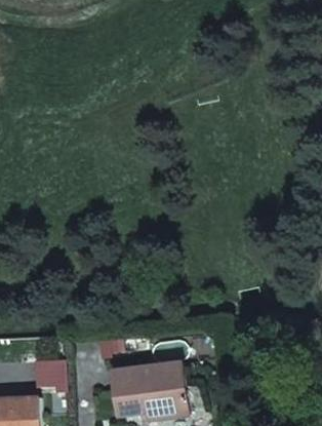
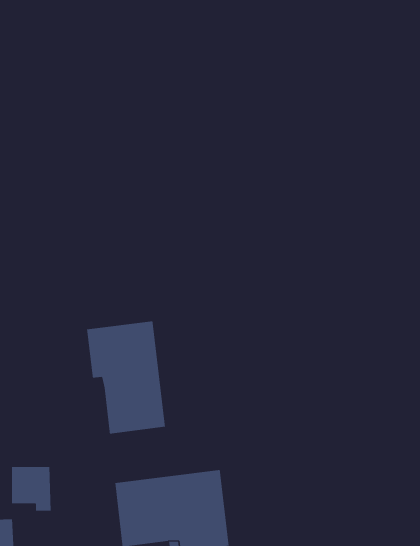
building: none -> [86,321,165,434]

